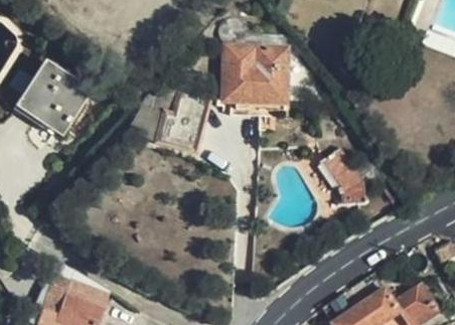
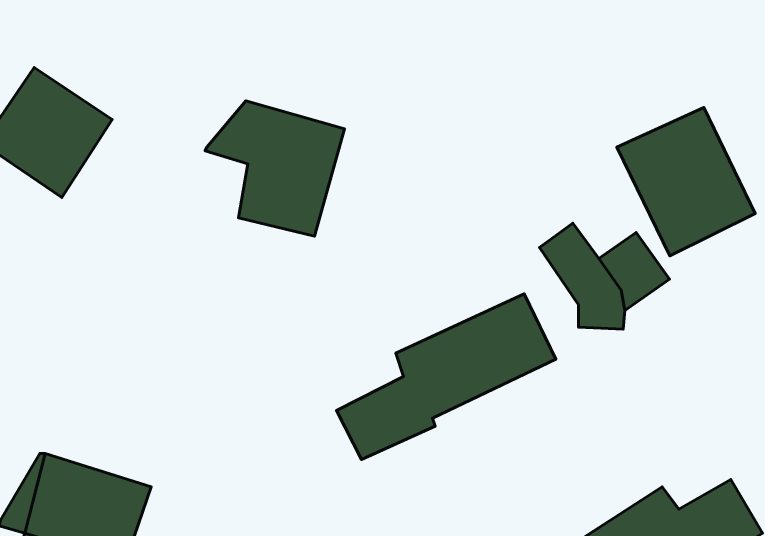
building: [224,40,289,110] -> none
building: none -> [617,107,755,256]
building: none -> [337,294,556,460]

